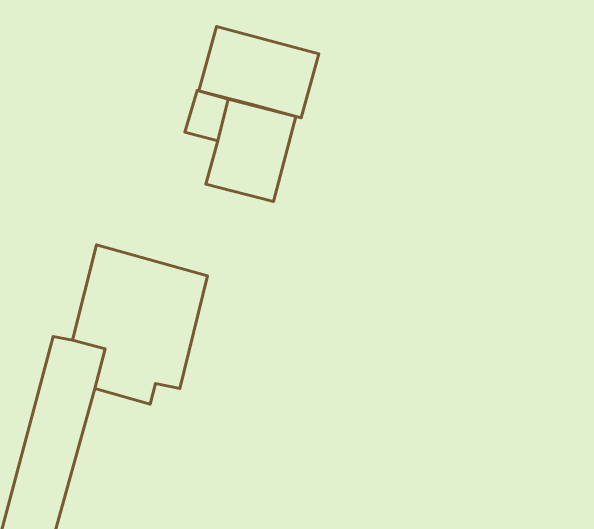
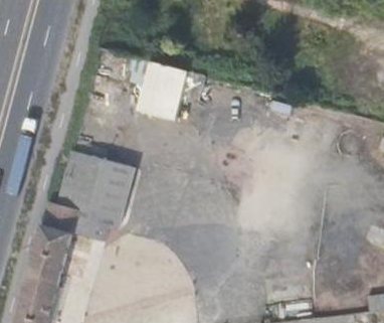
building: [199,27,319,118] -> none

